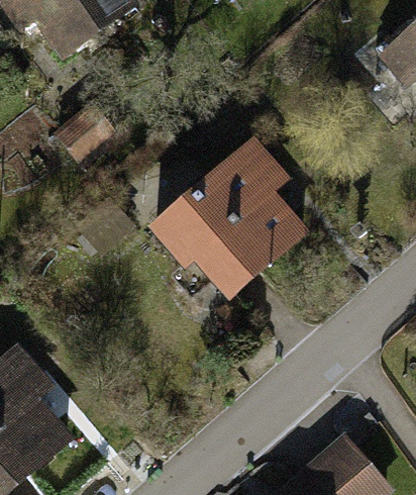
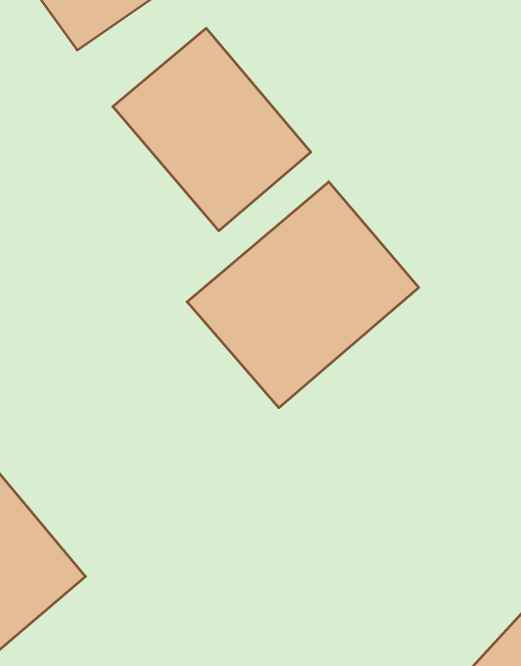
building: none -> [113,28,311,231]

